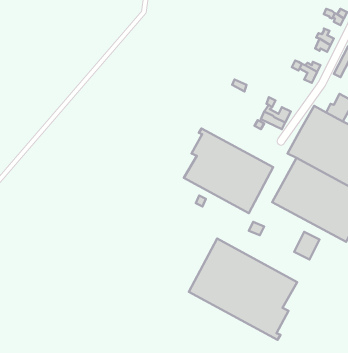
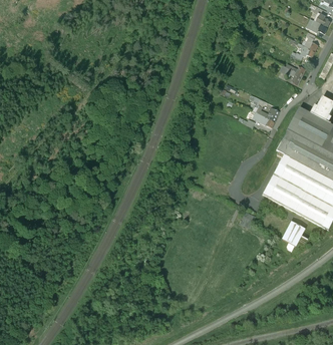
building: [184,128,273,213] -> none
building: [189,238,297,340] -> none

